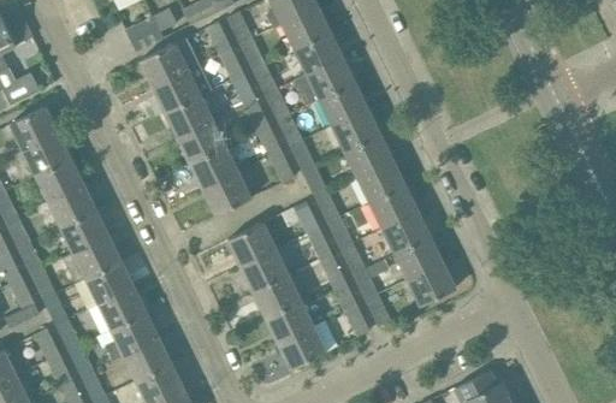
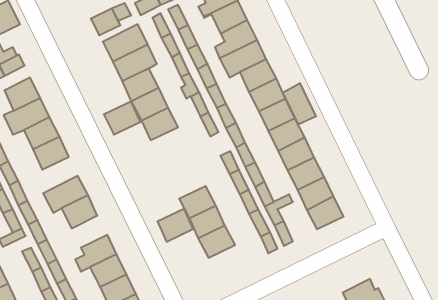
building: none -> [283,83,316,124]
building: [202,171,250,214] -> [104,102,140,135]
building: [60,209,107,251] -> none
building: [227,221,274,265] -> [157,209,193,242]
building: [99,286,146,328] -> none
building: [278,325,325,368] -> none

